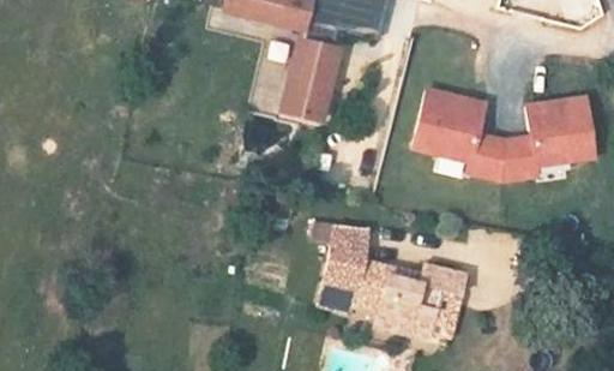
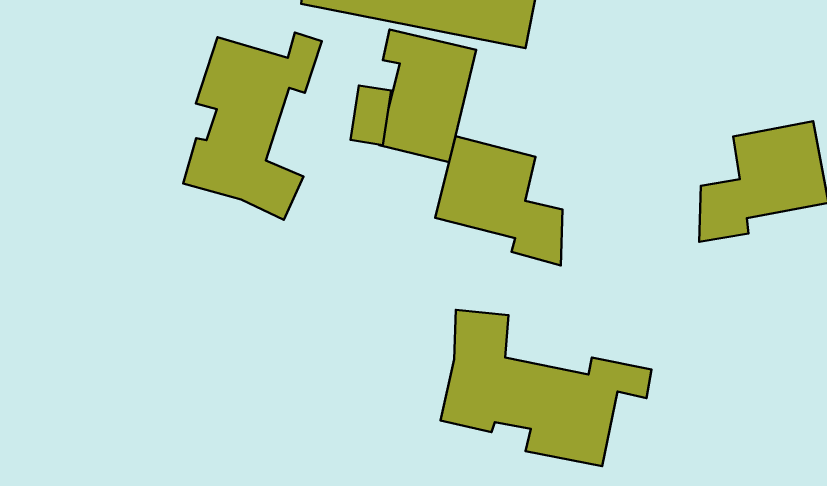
building: none -> [183,32,322,220]
building: [414,90,504,181] -> [435,136,563,266]

